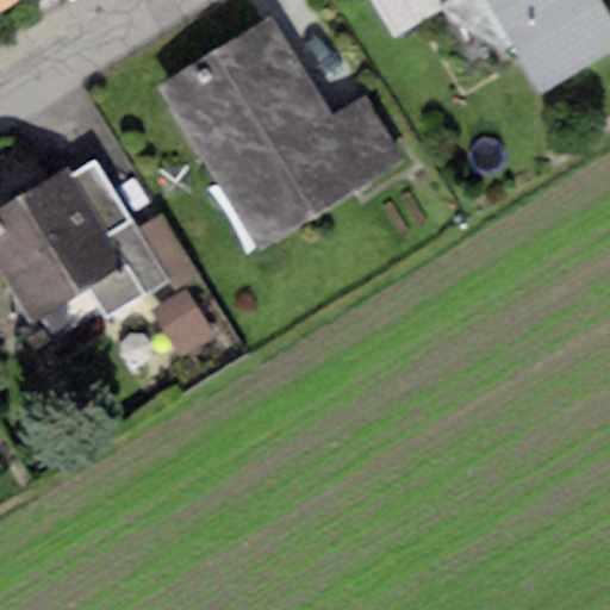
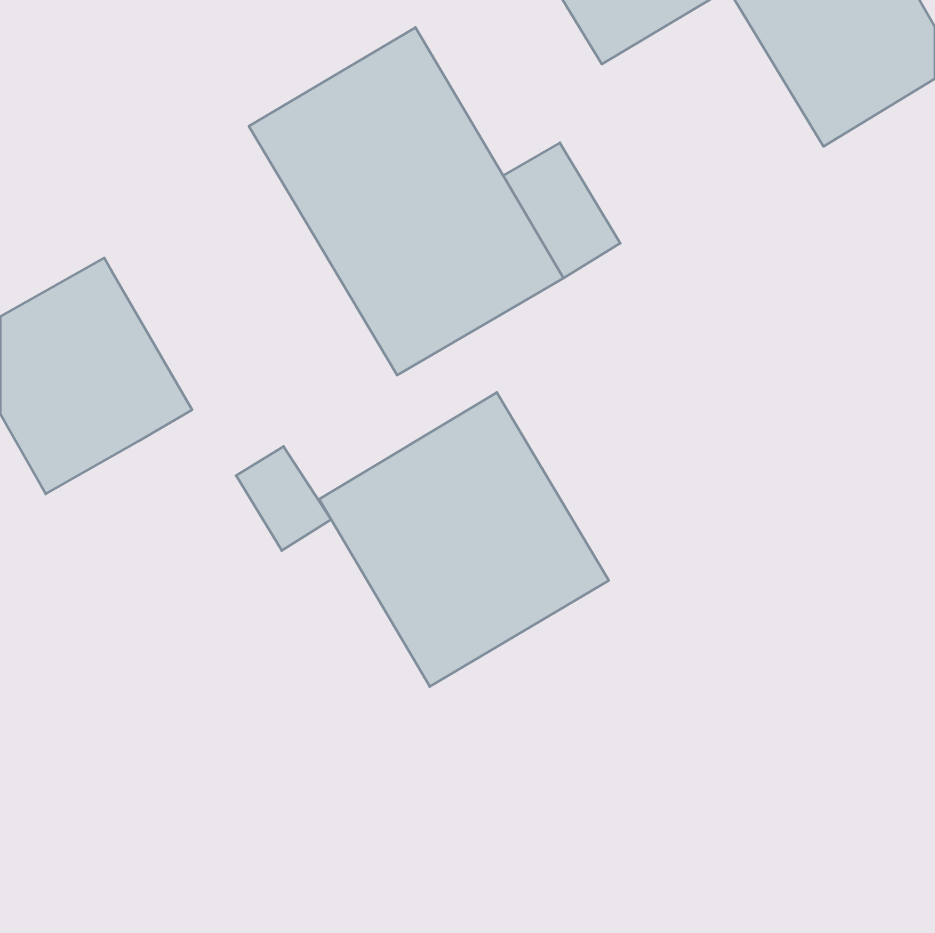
building: [73,162,166,315] -> none
building: none -> [319,392,609,687]

